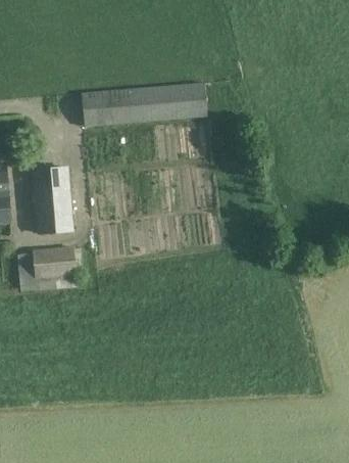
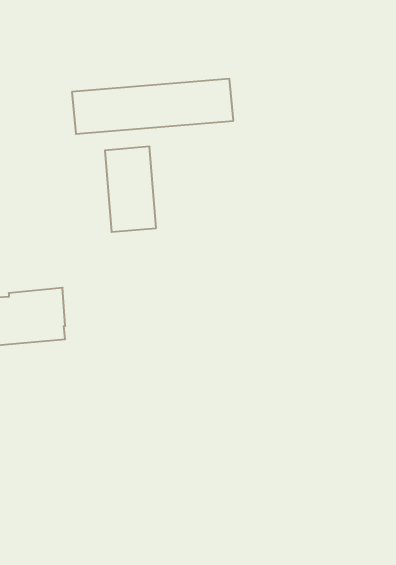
building: [33,167,72,233] -> [105,147,156,232]

